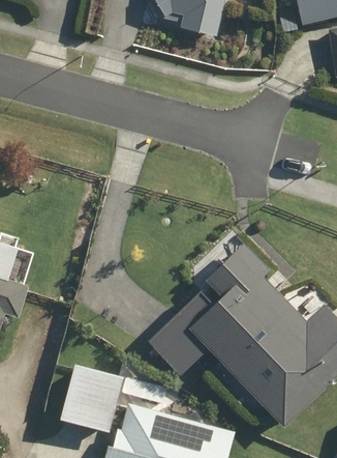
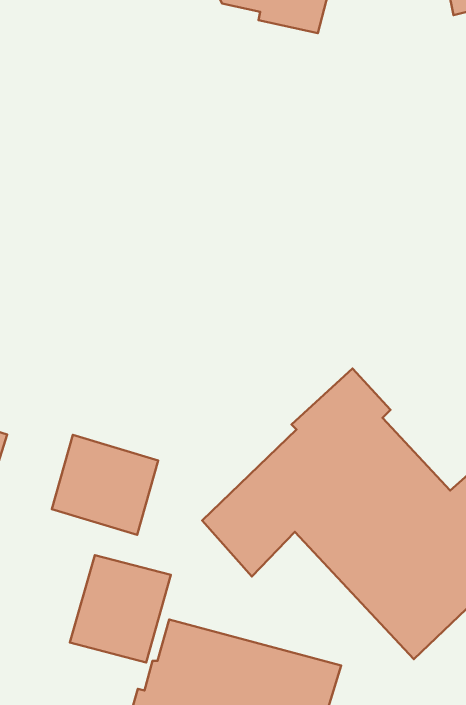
building: none -> [52,435,158,535]

